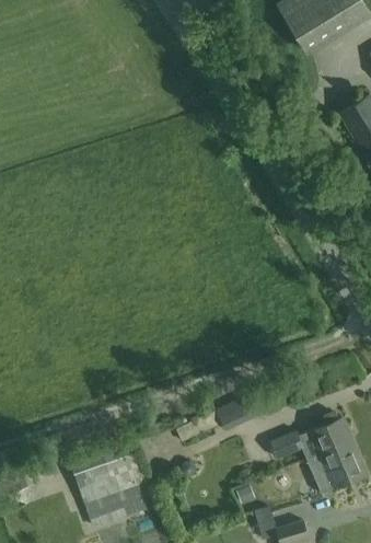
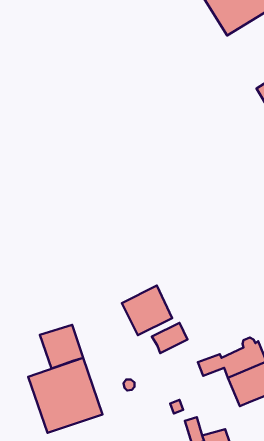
building: none -> [122,286,172,335]
building: none -> [40,325,83,368]

